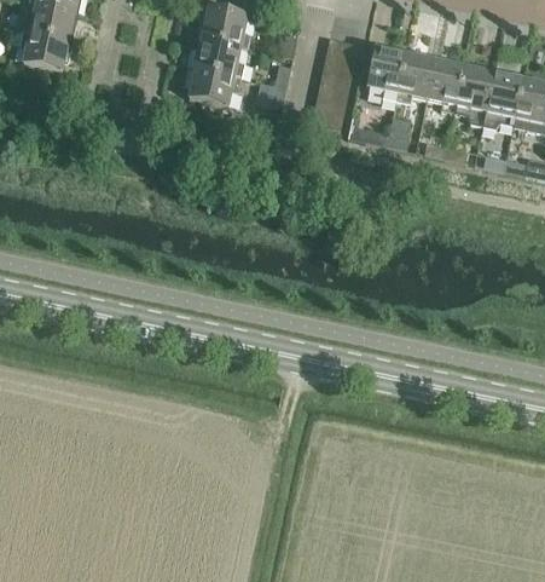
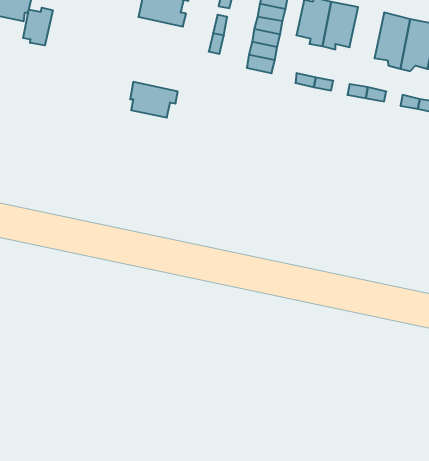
building: [427,56,465,113] -> none
building: none -> [23,8,53,45]
building: [187,67,240,106] -> [130,82,178,118]

